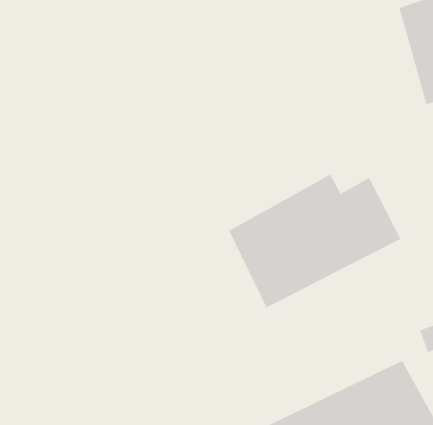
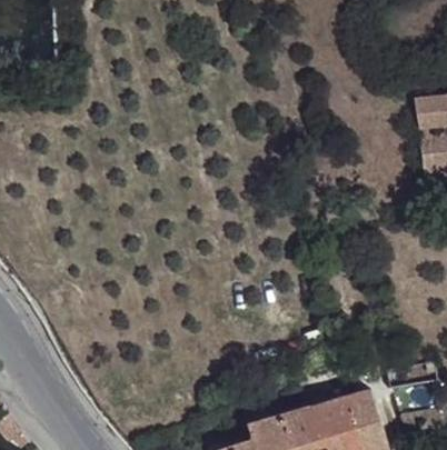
building: [228,174,401,308] -> none

